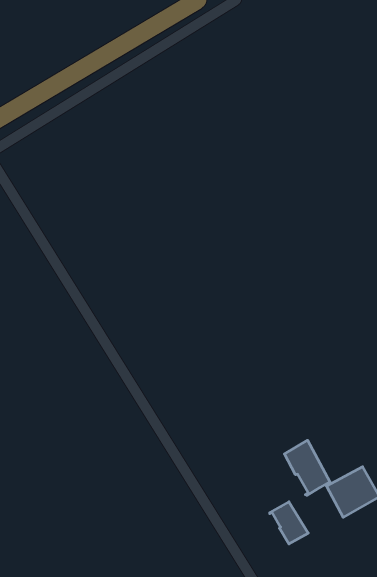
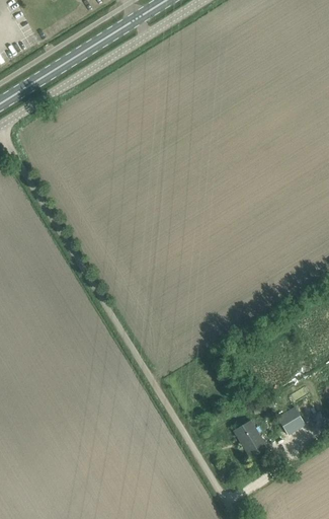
building: [284,440,330,495] -> none

